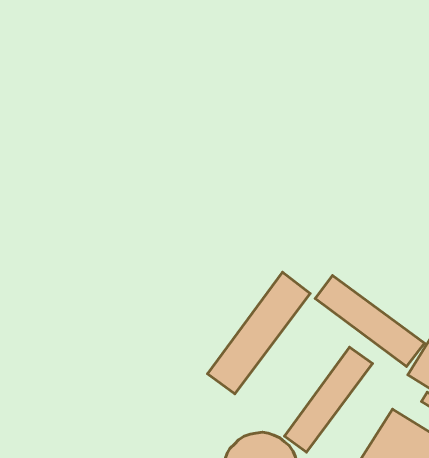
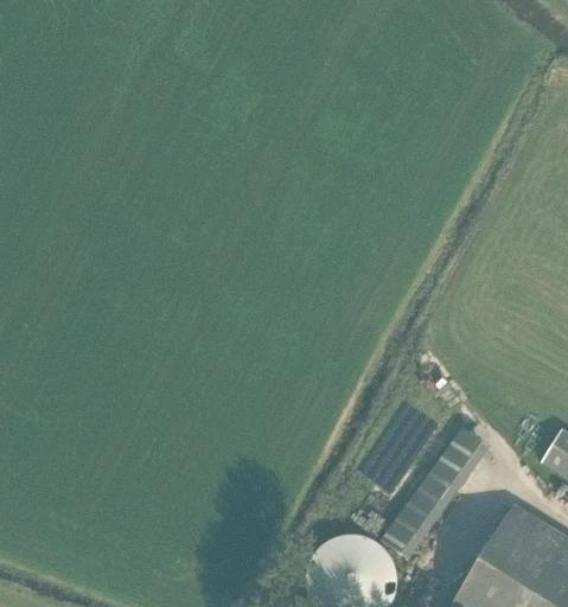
building: [208,272,310,394] -> none
building: [315,275,425,367] -> none

